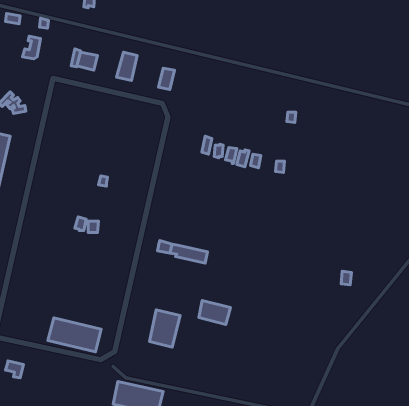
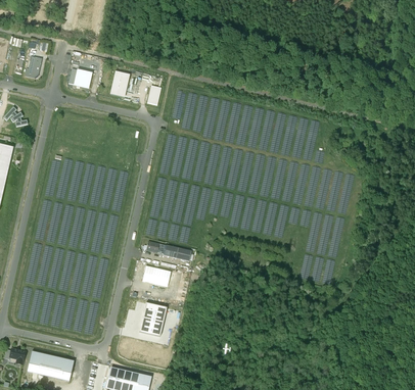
building: [199,301,230,324] -> [141,264,170,286]
building: [48,318,101,352] -> [26,350,74,381]

